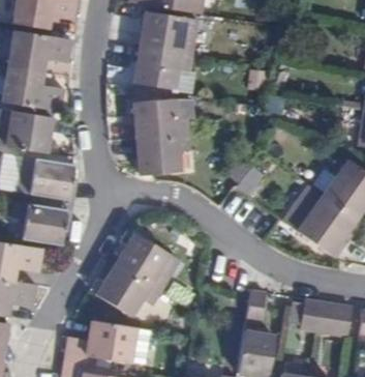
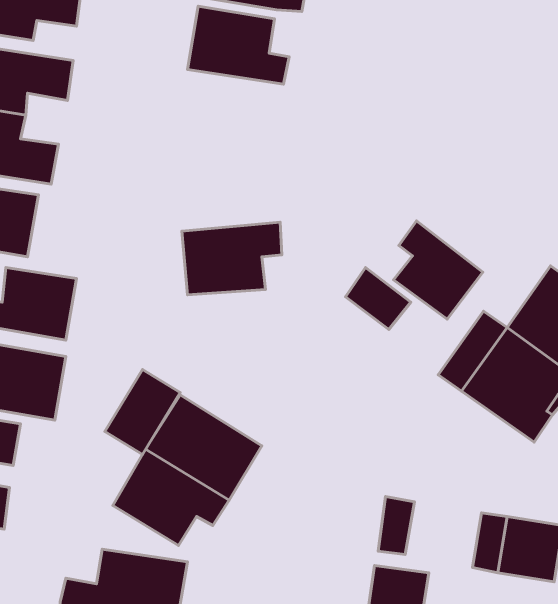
building: [133,47,193,90] -> none
building: [132,98,191,139] -> none
building: none -> [394,221,483,319]
building: none -> [105,370,180,454]

